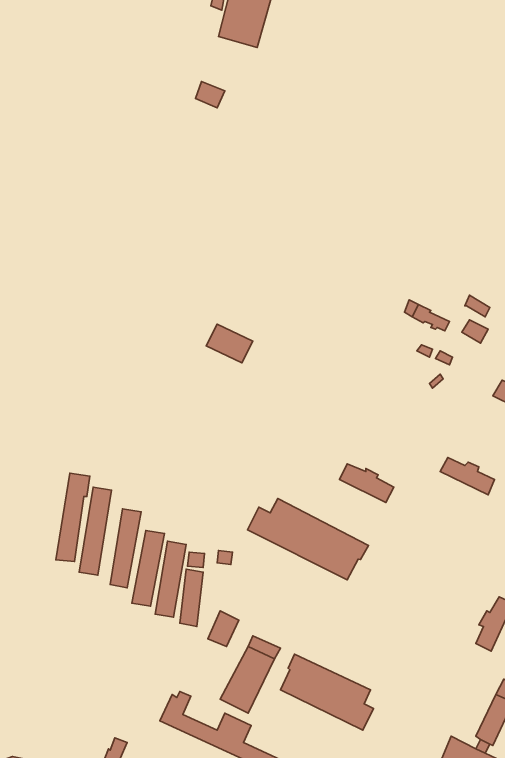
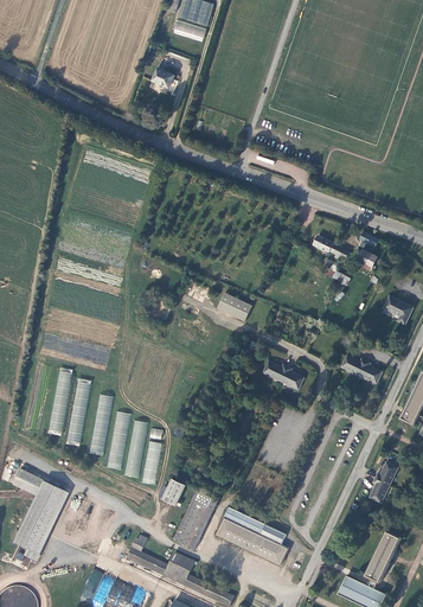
building: [206,324,253,363] -> [217,293,252,322]
building: [247,499,368,580] -> none
building: none -> [11,471,66,567]

